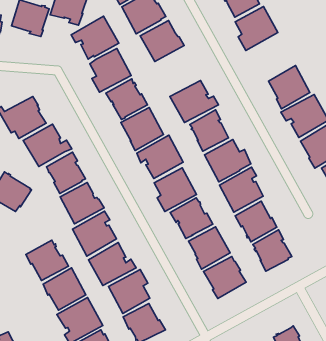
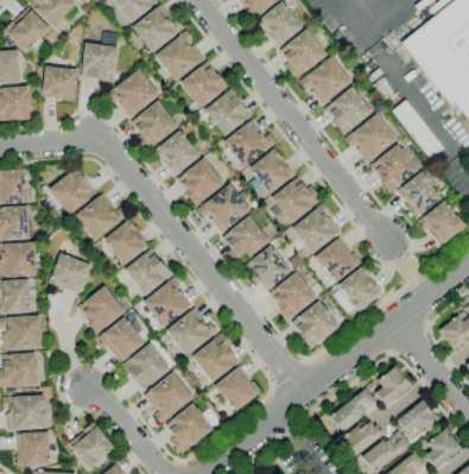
building: none -> [299,56,351,105]
building: none -> [204,88,252,137]
building: none -> [77,286,125,334]

